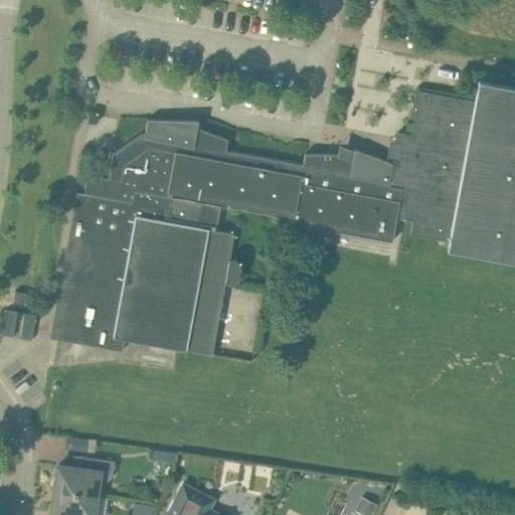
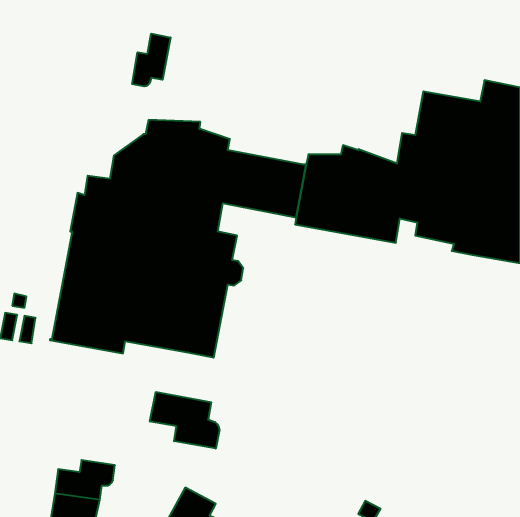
building: none -> [132,34,171,86]
building: none -> [150,392,219,449]

